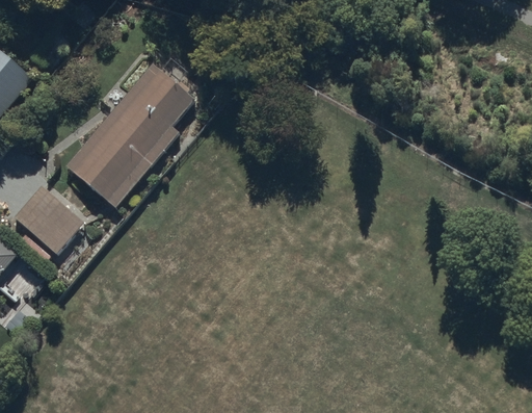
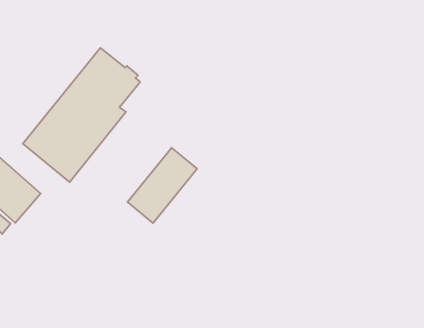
building: none -> [128,148,197,223]

